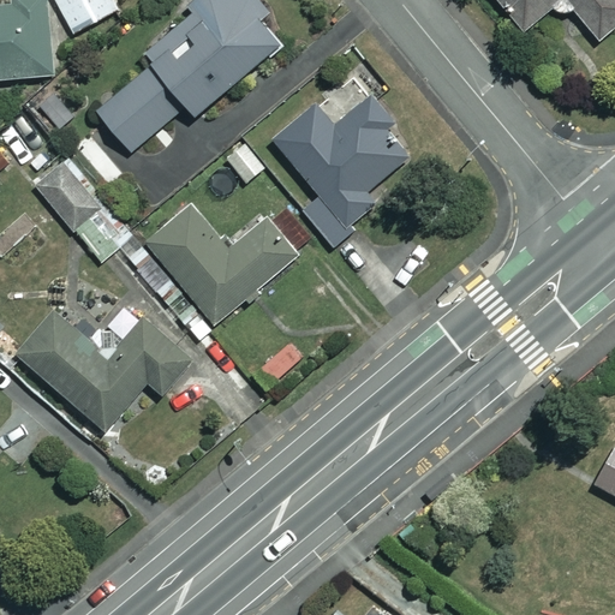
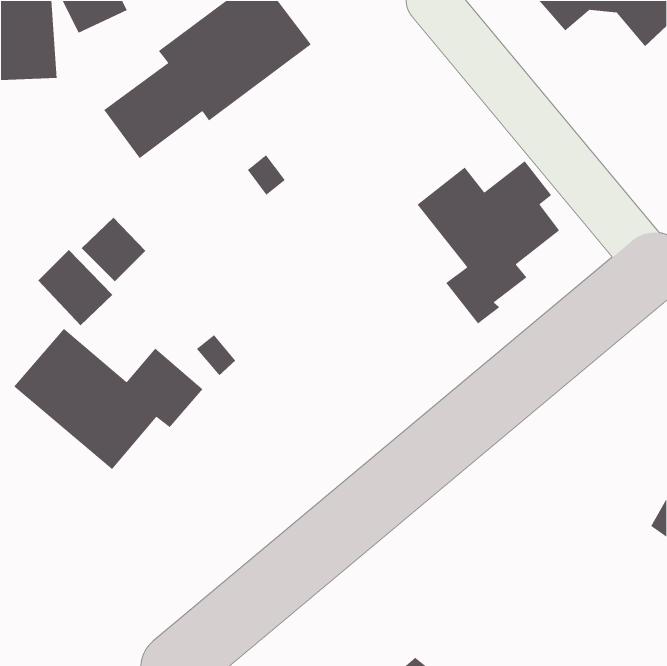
building: [274,94,406,245] -> [416,160,560,325]
building: [35,159,105,229] -> [38,249,113,326]
building: [150,203,297,321] -> none

